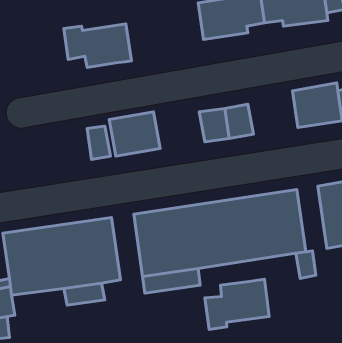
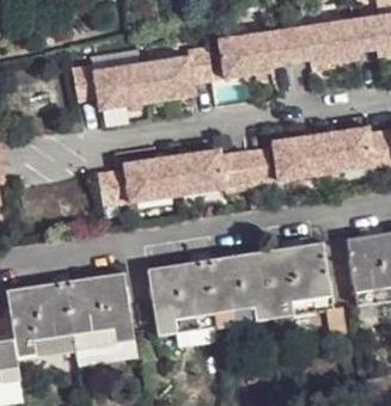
building: none -> [141,47,213,102]
building: none -> [271,134,326,180]
building: none -> [171,149,226,196]
building: [205,279,269,329] -> none

